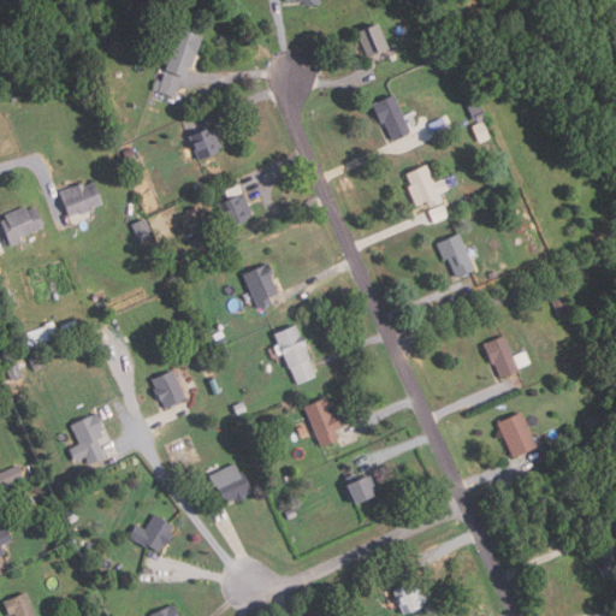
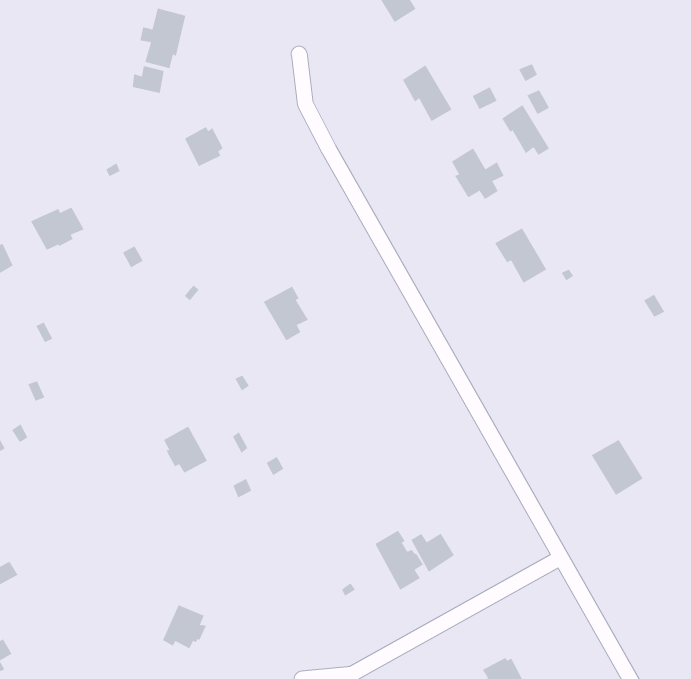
building: none -> [501,104,550,156]
building: [218,195,251,229] -> none
building: [273,324,315,385] -> none
building: [481,334,519,378] -> none
building: [303,397,342,446] -> [375,530,424,590]
building: [66,413,105,464] -> none
building: [209,463,251,504] -> none

